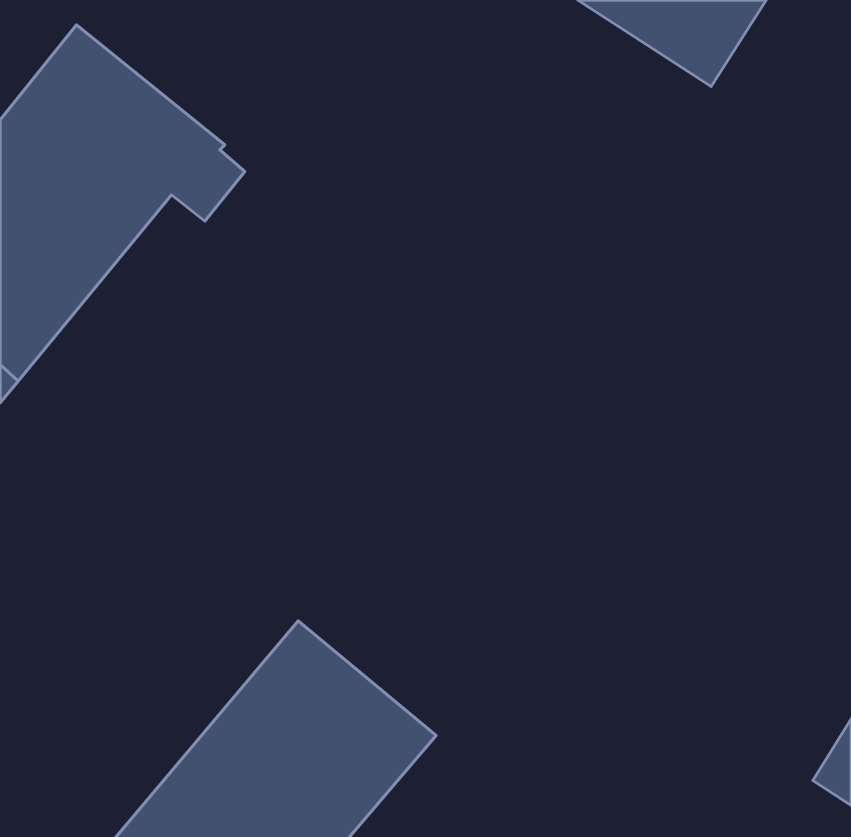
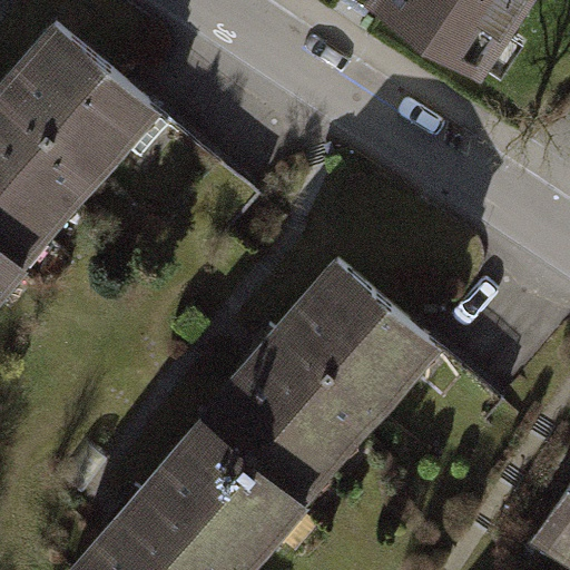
building: none -> [199,263,425,501]

